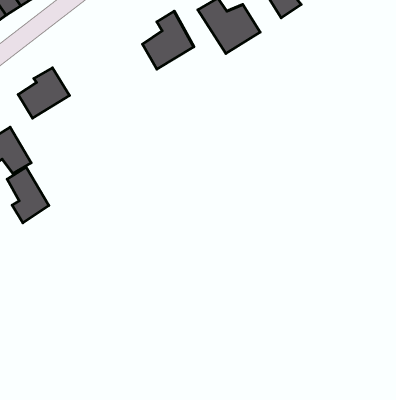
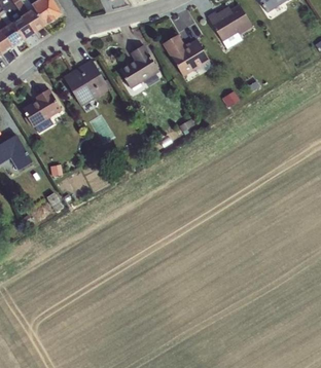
building: none -> [62,60,109,107]
building: [7,167,49,223] -> none

